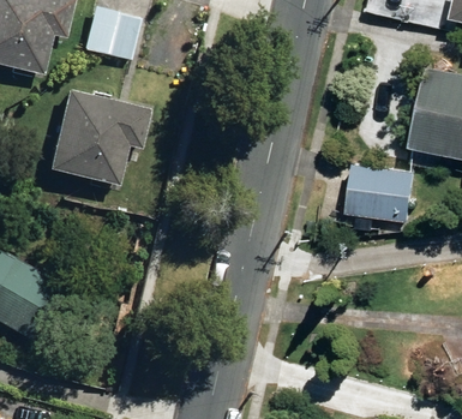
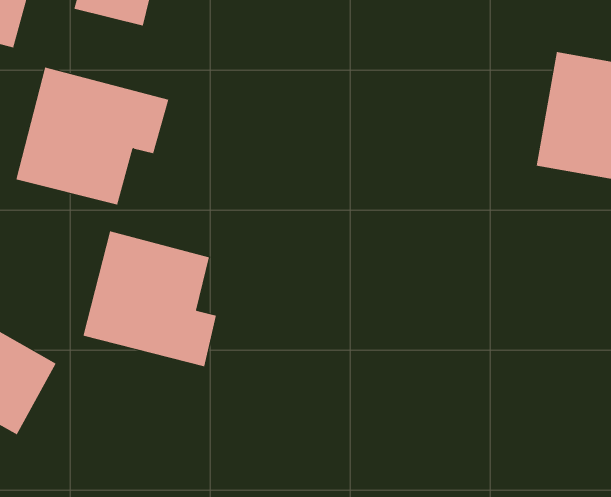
building: [347,169,415,234] -> none
building: none -> [83,230,216,367]

